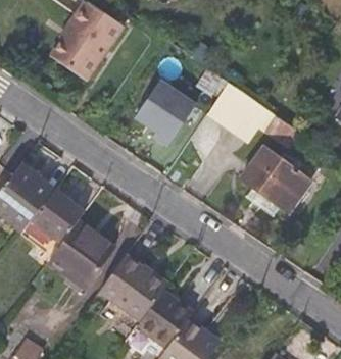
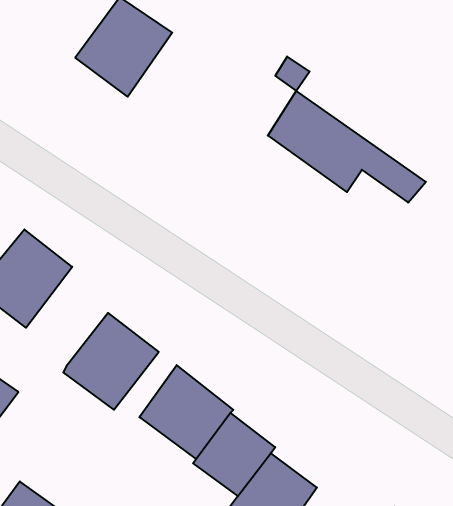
building: [130,79,192,146] -> none
building: [237,143,310,210] -> none
building: [19,188,84,256] -> none

